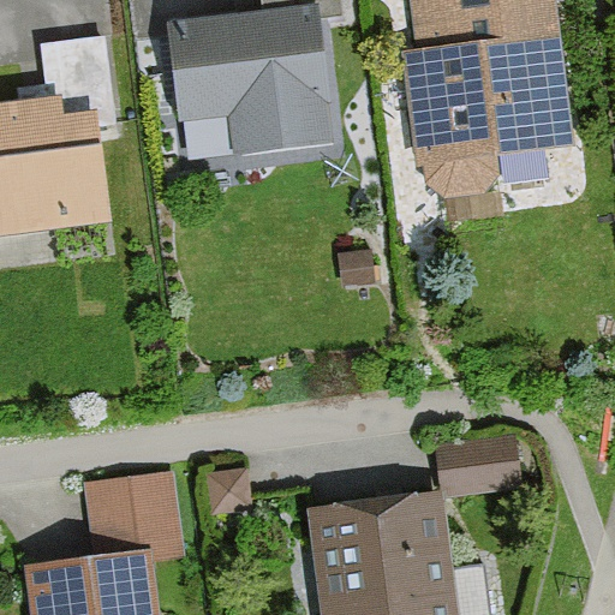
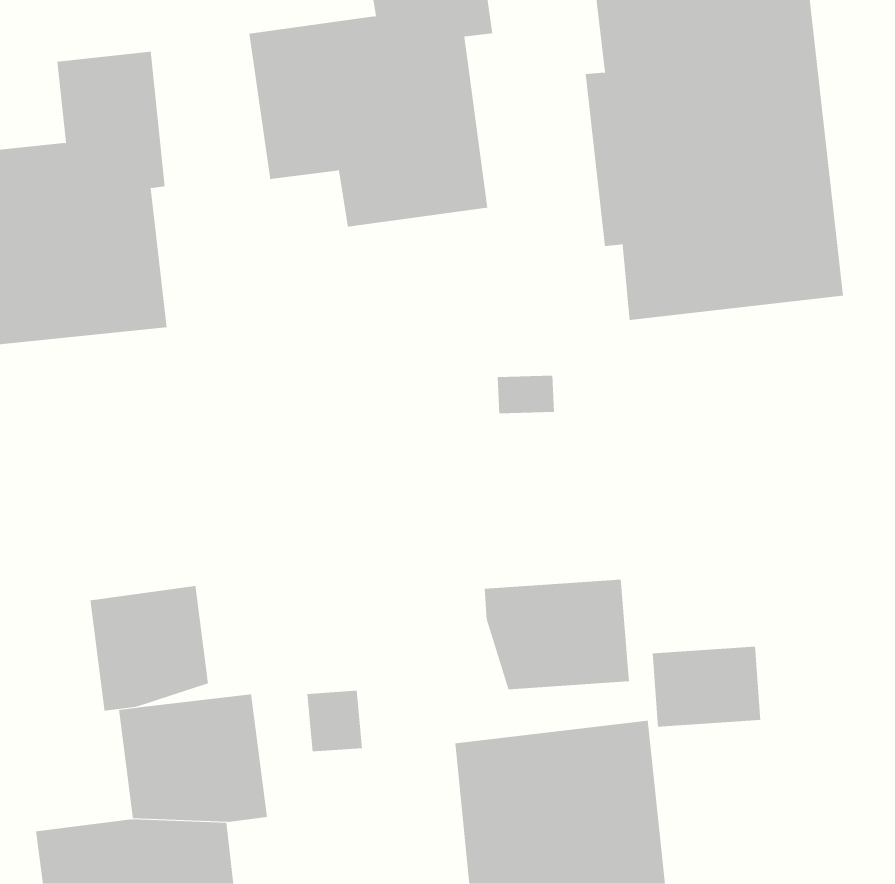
building: none -> [484,579,630,690]
building: none -> [90,585,208,711]

